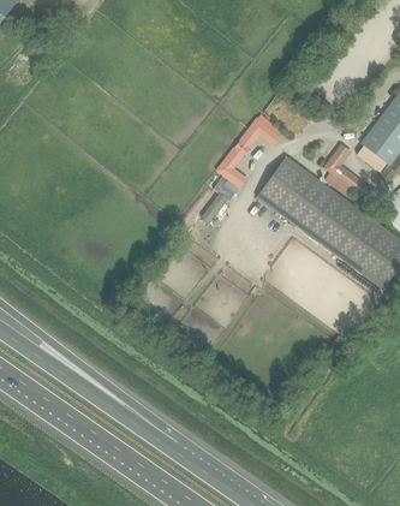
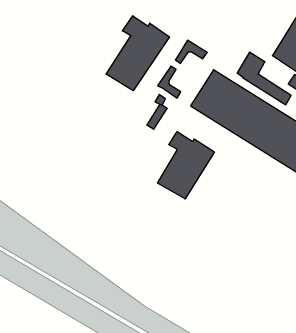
building: none -> [106,16,169,91]
building: none -> [158,132,214,199]

